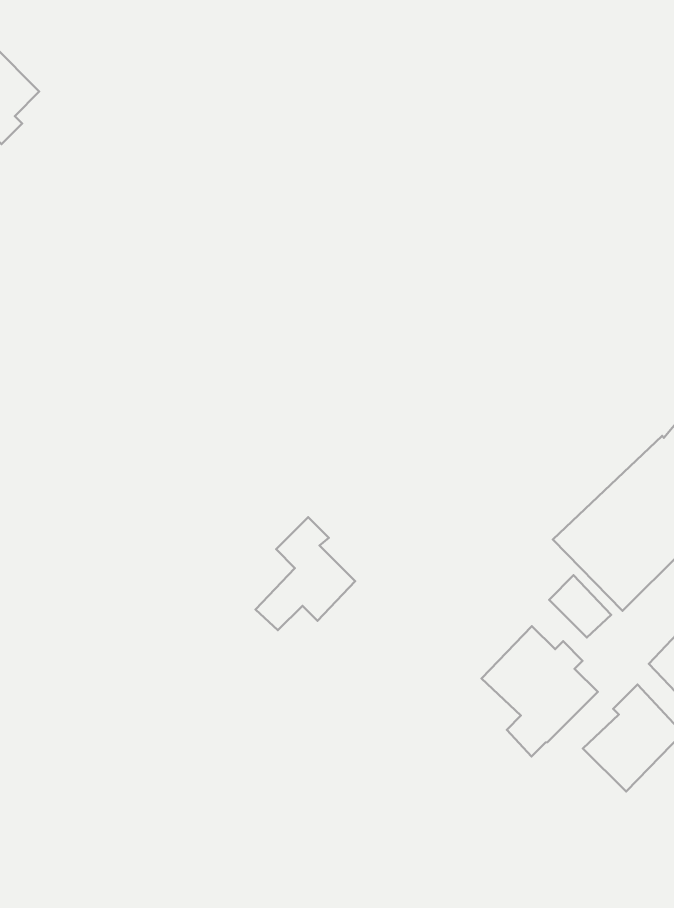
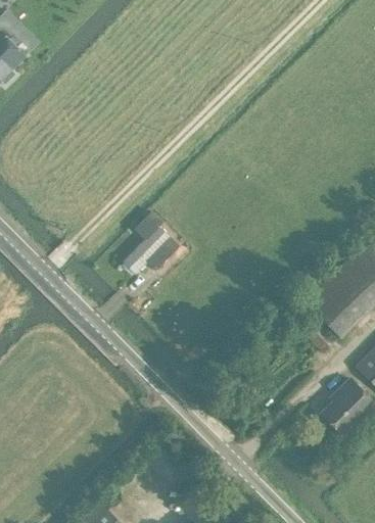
building: [255,517,355,630] -> [123,211,177,273]
building: [481,626,598,756] -> none

